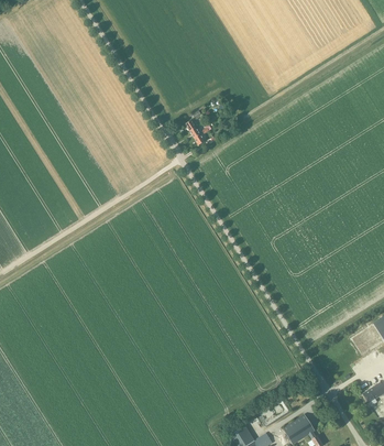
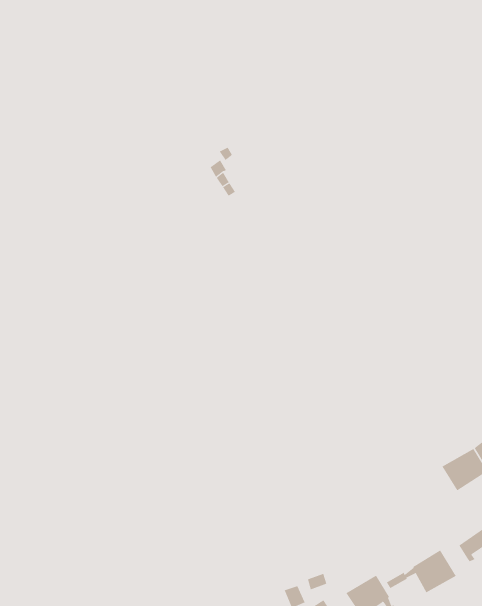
building: none -> [386,550,457,593]

